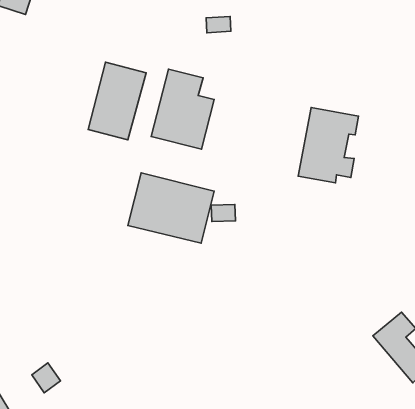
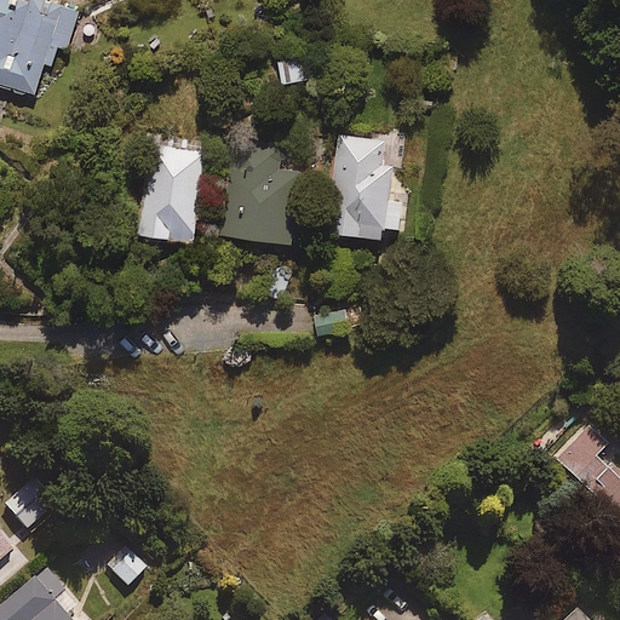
building: [298,108,358,183] -> [331,139,402,235]
building: [128,173,214,243] -> none

